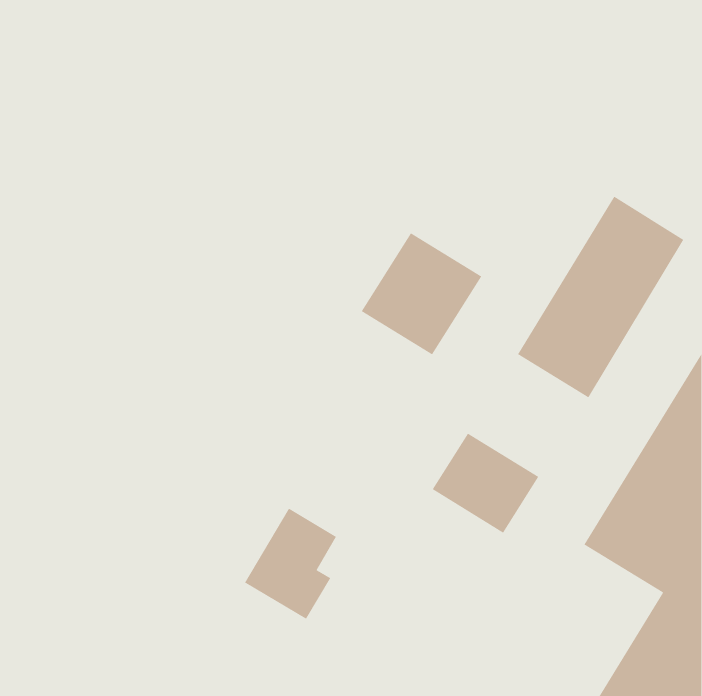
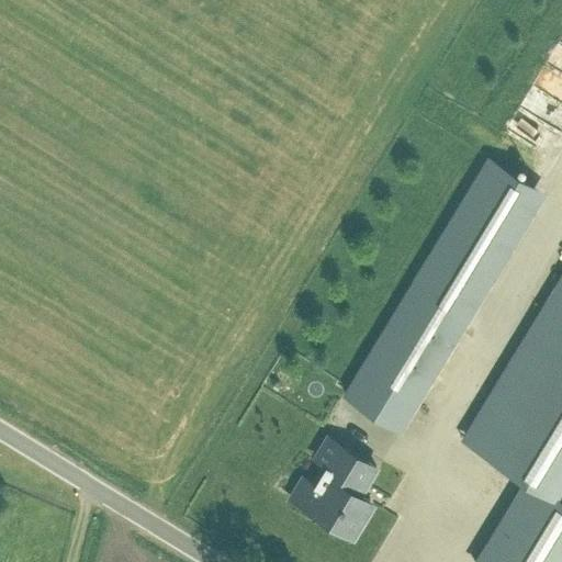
building: [361,233,482,355] -> [372,289,469,386]
building: [244,508,337,620] -> [299,447,372,536]

